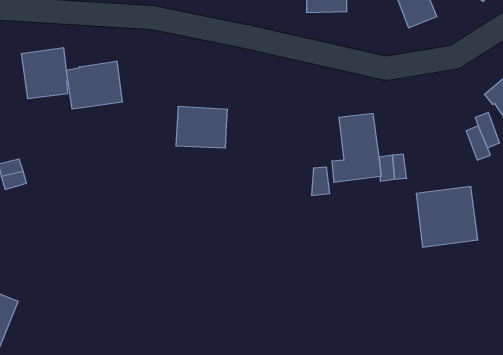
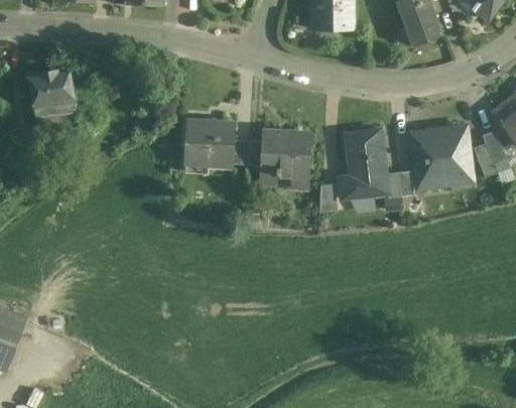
building: [66,61,122,109] -> none
building: none -> [258,127,310,187]
building: [416,186,478,247] -> [411,127,473,187]

